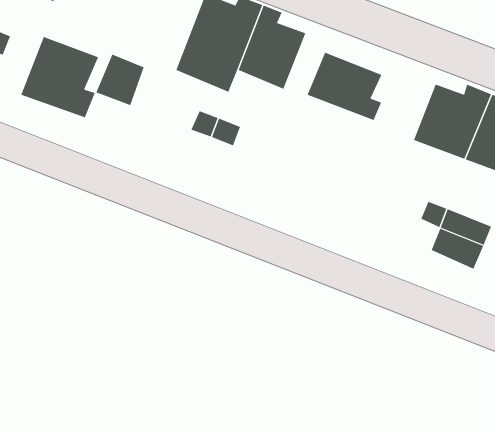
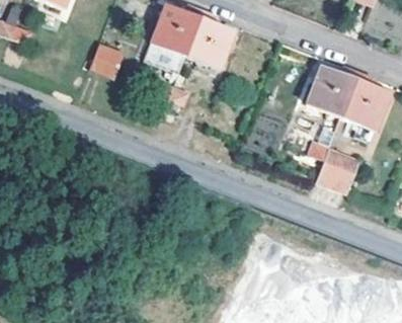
building: [21,36,99,118] -> none
building: [307,52,382,121] -> none

